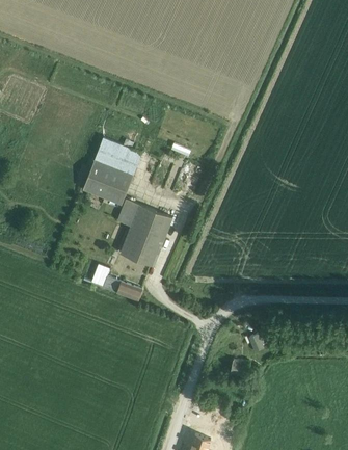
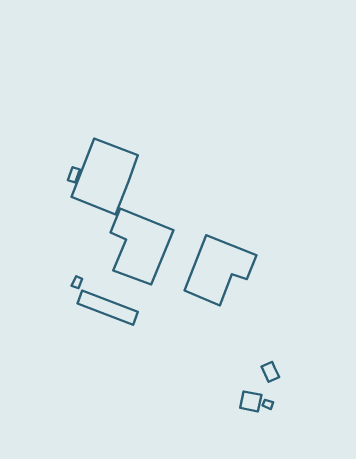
building: none -> [185,235,257,306]

